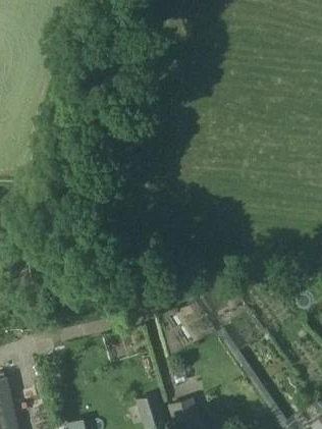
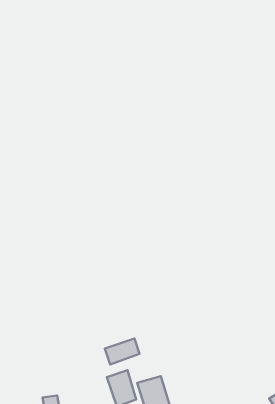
building: none -> [105,339,139,364]

